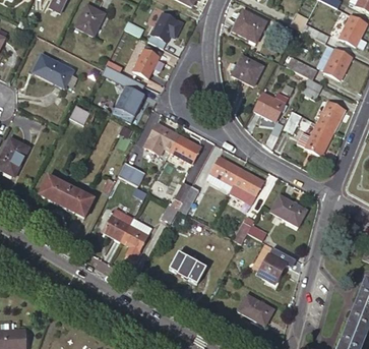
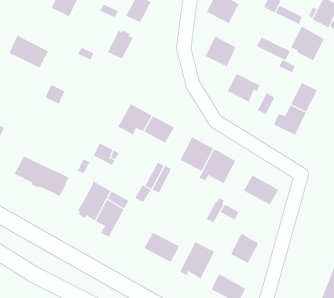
building: [115,84,140,114] -> none
building: none -> [180,242,215,279]

